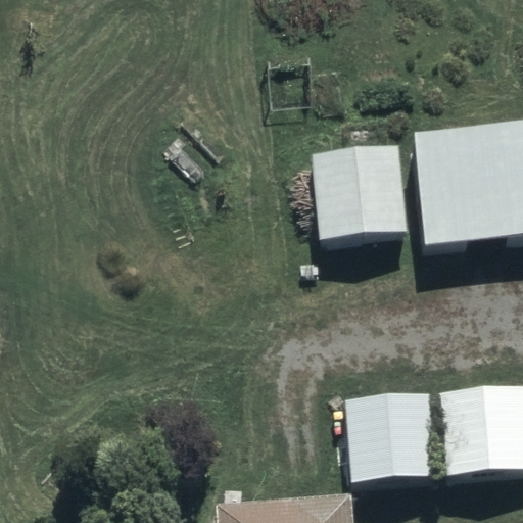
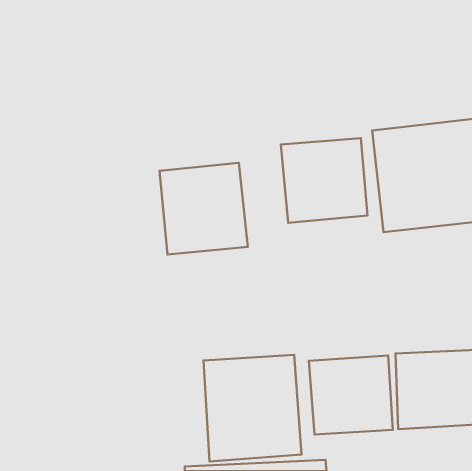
building: none -> [160,163,248,254]
building: none -> [203,355,301,462]

